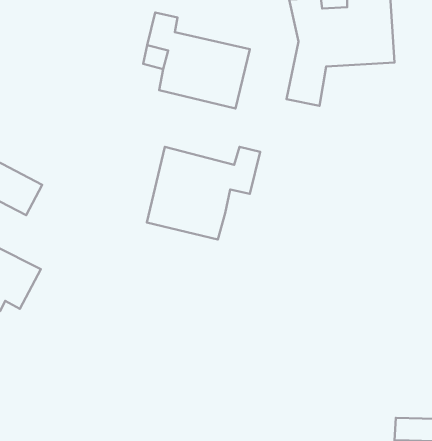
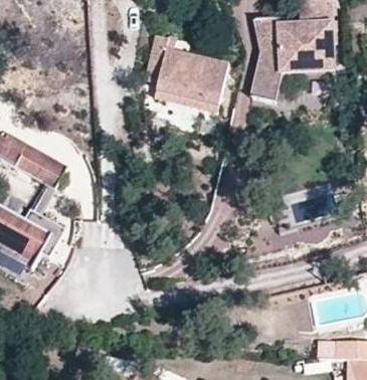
building: [147,147,260,240] -> none

